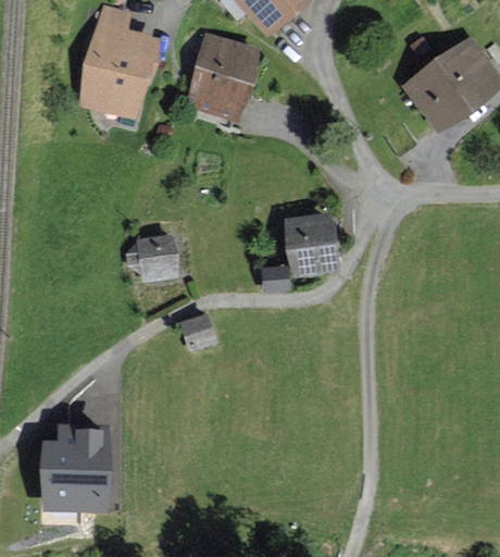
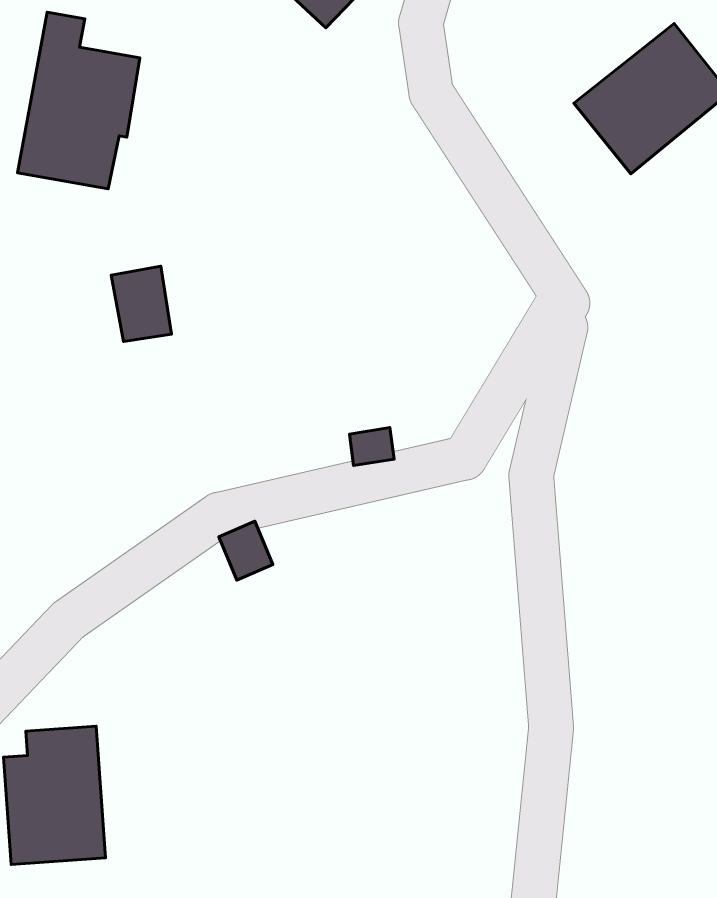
building: [188,36,257,115] -> none
building: [288,213,335,274] -> none
building: [141,236,174,278] -> [111,266,171,341]

